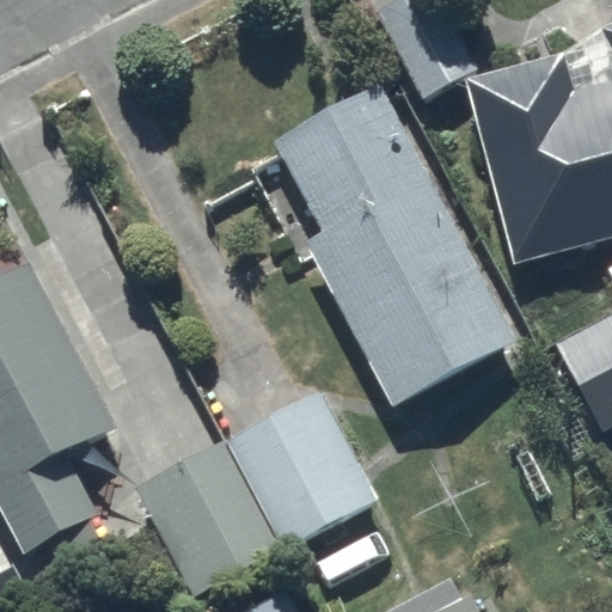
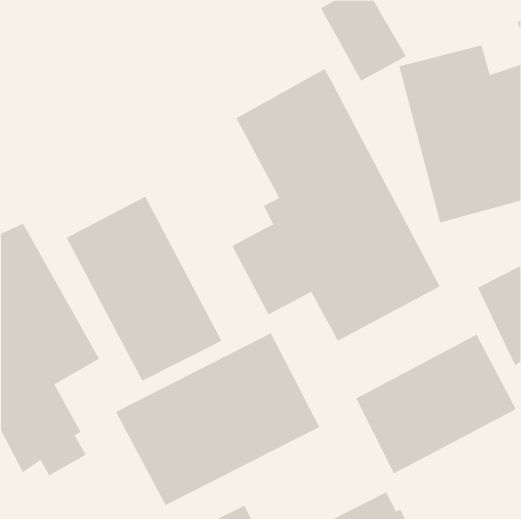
building: none -> [66,196,222,381]
building: none -> [355,334,516,474]

